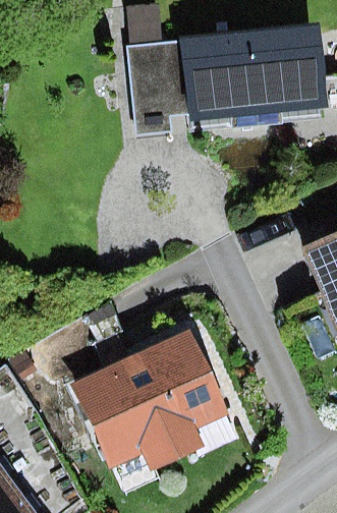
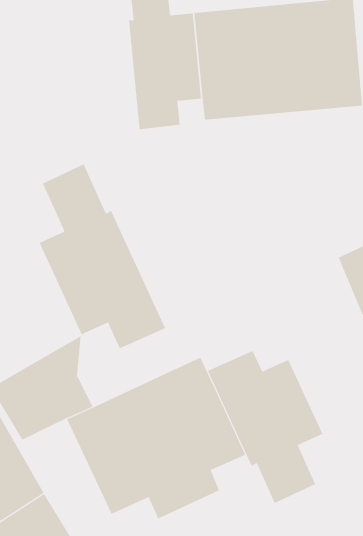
building: none -> [39,164,166,349]
building: none -> [207,350,323,504]

